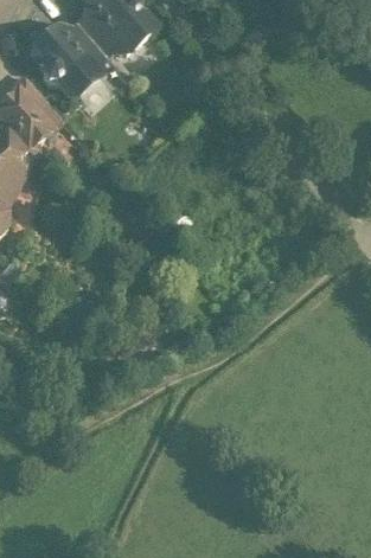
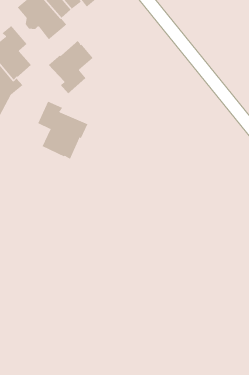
building: none -> [48,40,94,94]
building: none -> [38,101,88,160]

